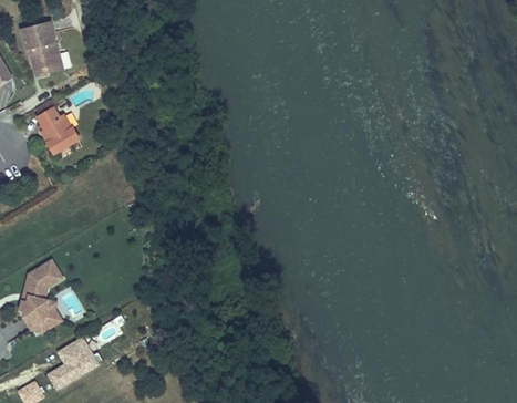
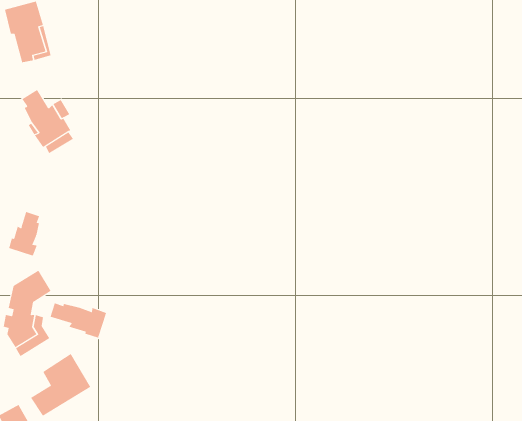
building: none -> [8,211,40,256]
building: none -> [50,303,107,339]

